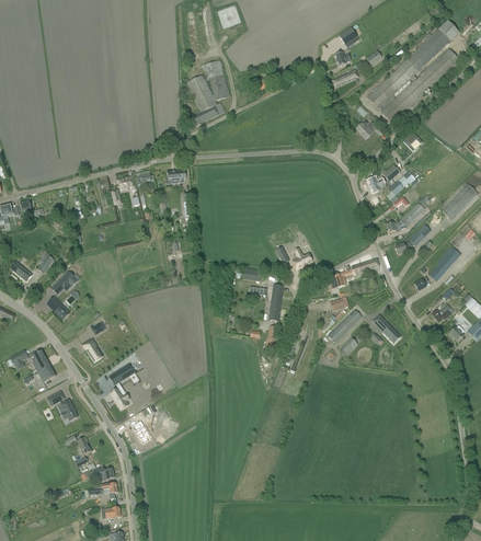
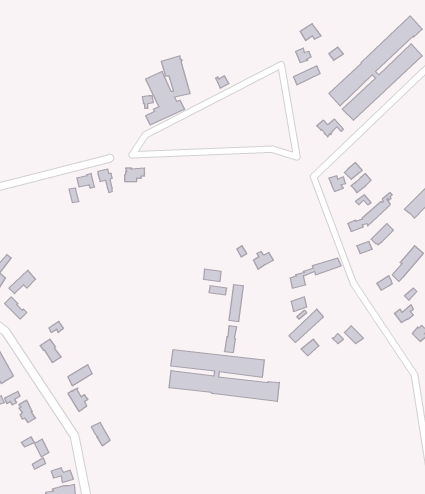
building: none -> [169,350,279,402]

